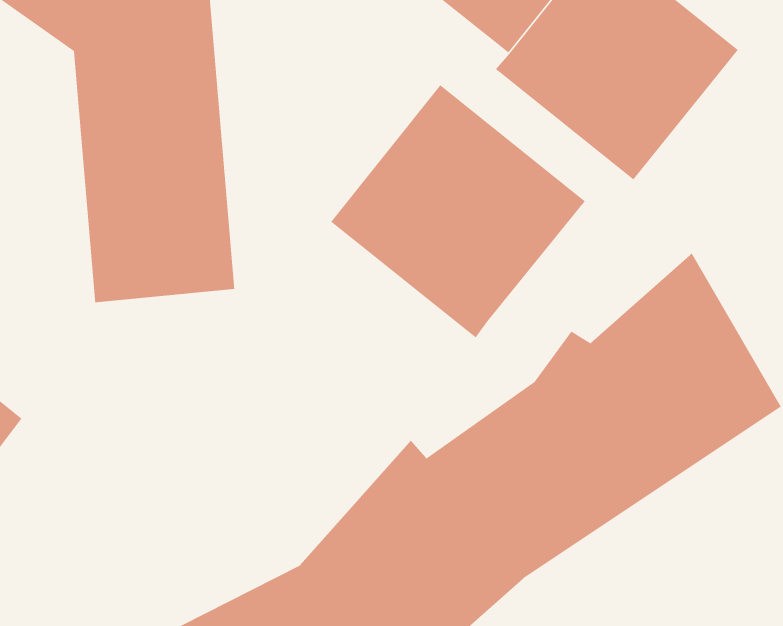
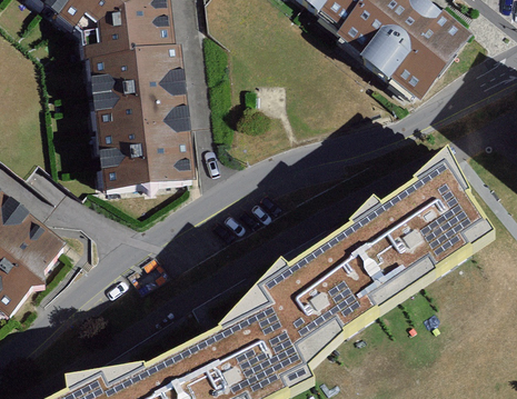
building: [330,84,586,339] -> none

